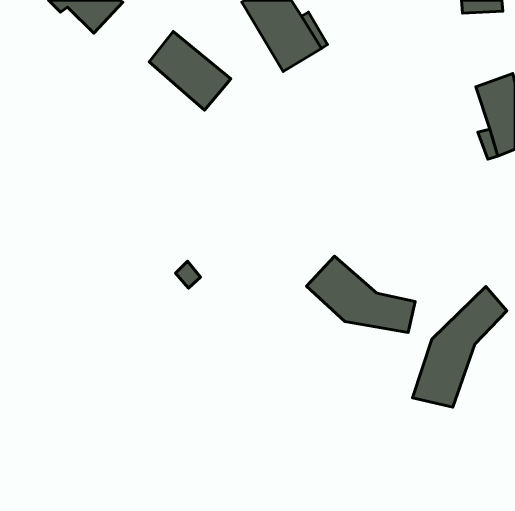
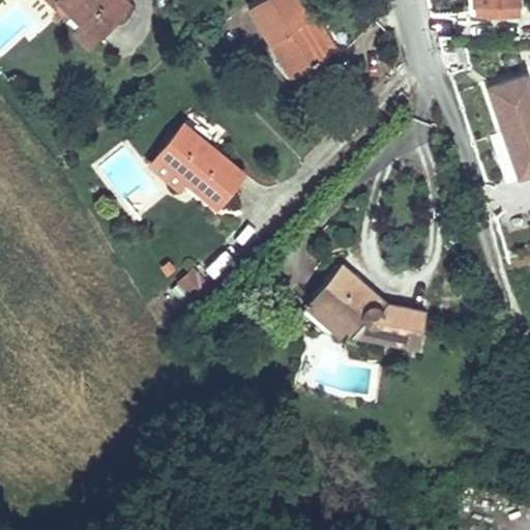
building: [149,32,231,110] -> [157,125,241,206]
building: [413,287,507,407] -> none

